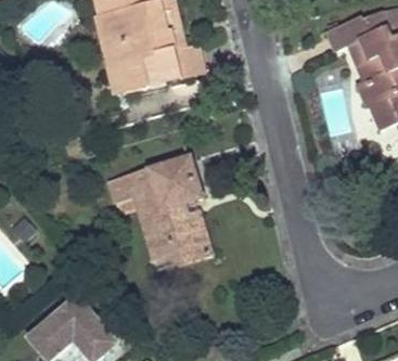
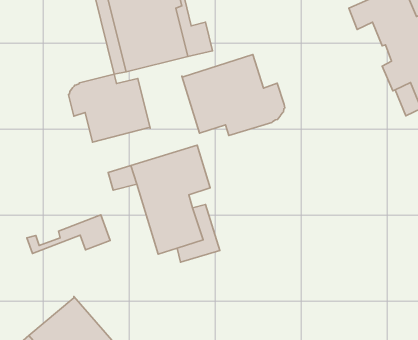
building: none -> [182,55,285,136]
building: none -> [69,74,150,142]
building: none -> [27,215,110,253]

